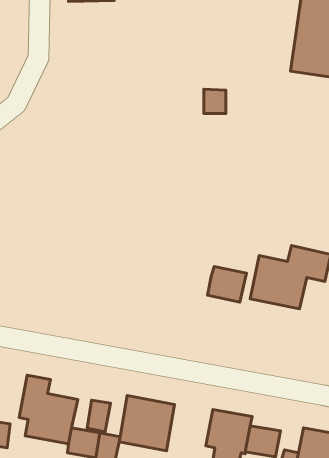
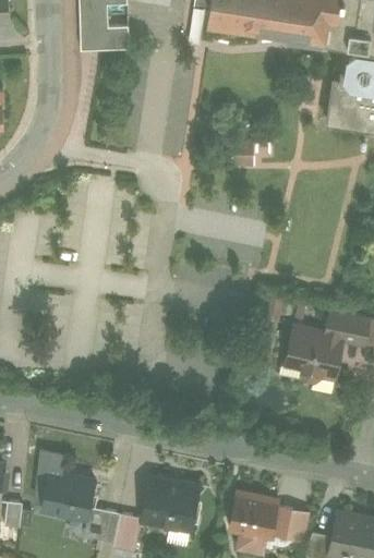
building: [207,266,246,302] -> none
building: [87,400,111,432] -> none

